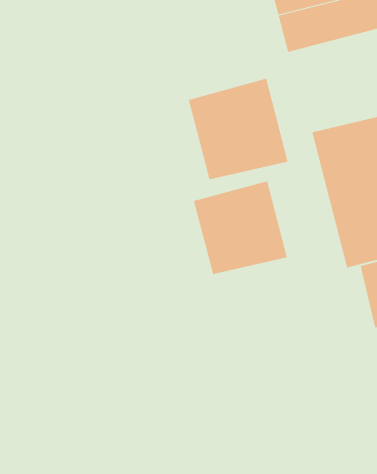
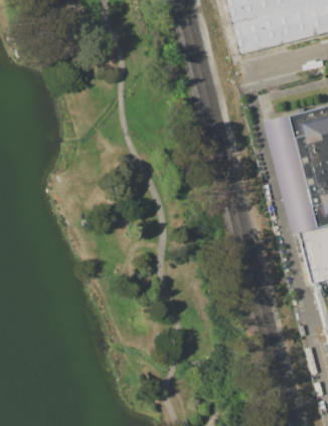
building: [188,78,288,180] -> none
building: [193,180,287,275] -> none

